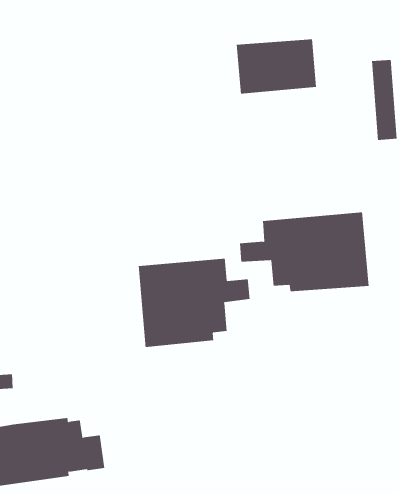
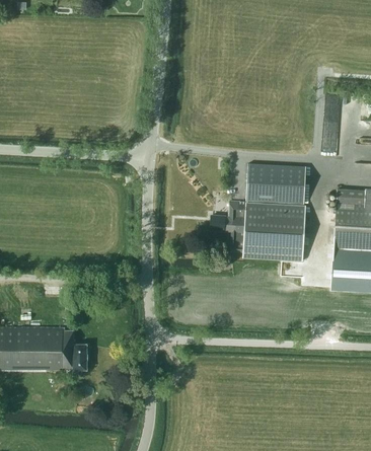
building: [236,39,317,94] -> [245,162,305,203]
building: [138,258,250,348] -> none

